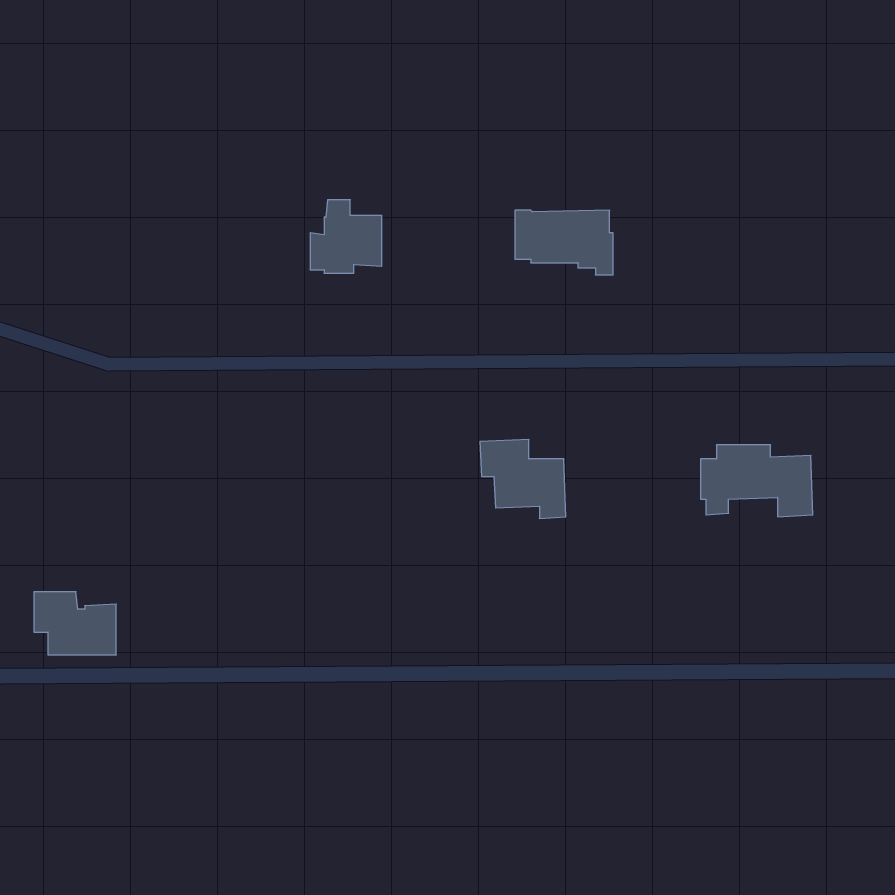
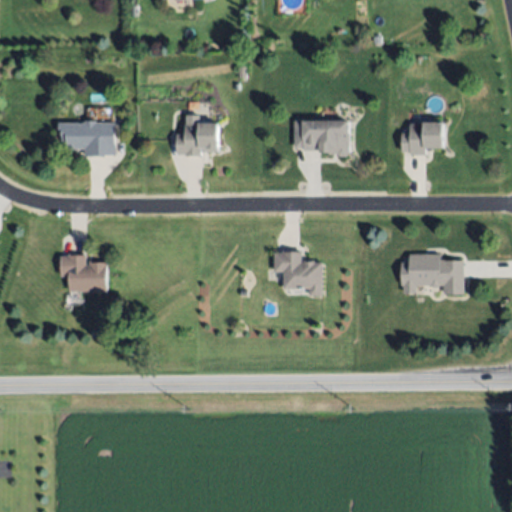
building: none -> [59,120,117,157]
building: none -> [401,122,443,154]
building: [34,592,116,655] -> [61,255,108,291]

